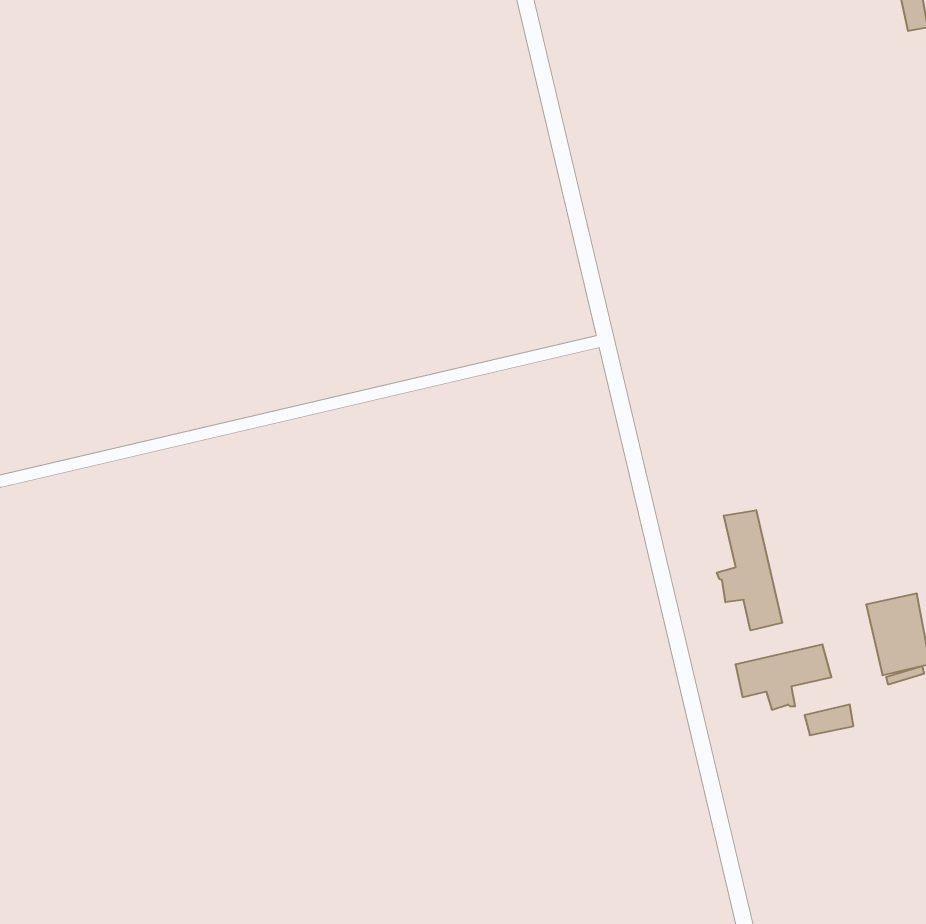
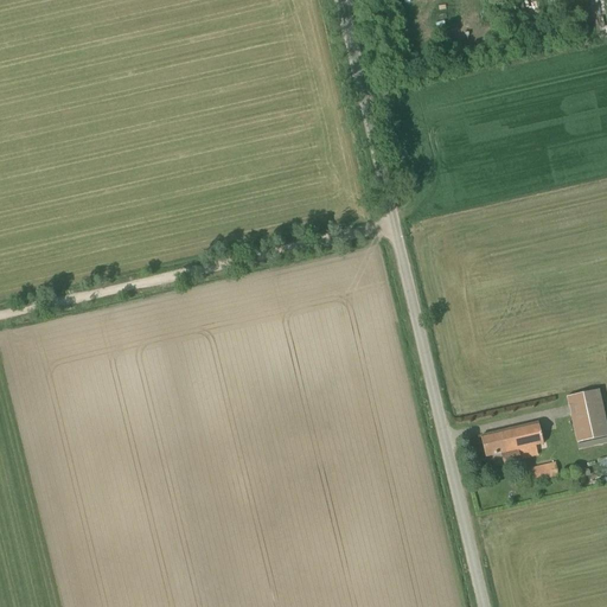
building: [717,510,782,630] -> none

